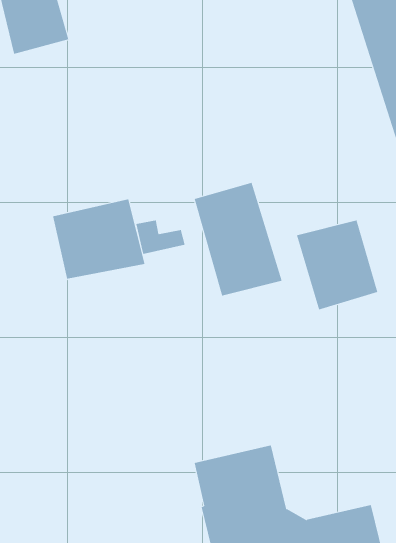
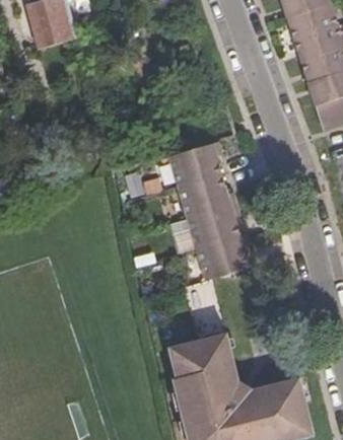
building: [52,199,145,280] -> none
building: [296,220,378,310] -> [189,214,249,280]

